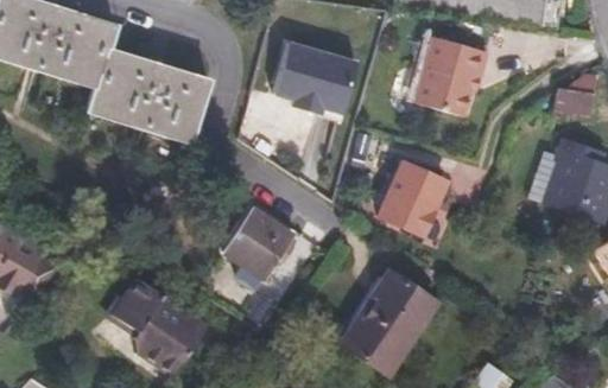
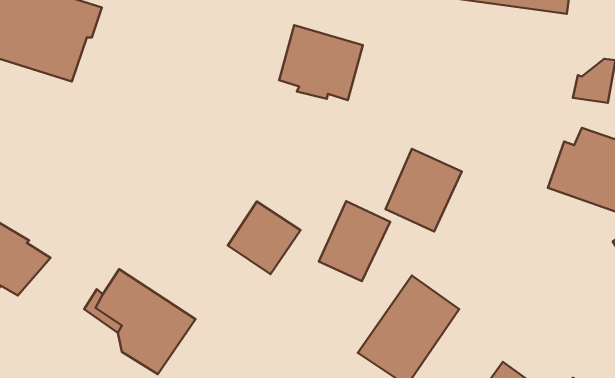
building: [417,33,493,114] -> none
building: [76,51,202,150] -> none
building: none -> [319,201,390,281]

